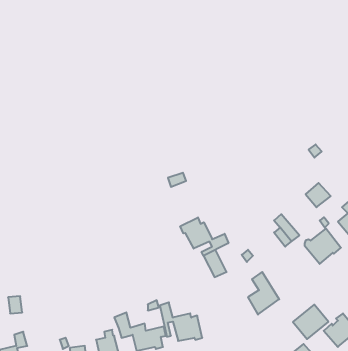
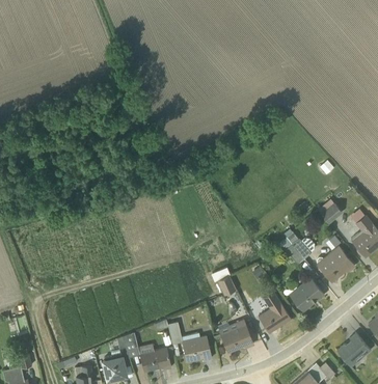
building: [180,217,228,256] -> none
building: none -> [219,320,253,352]
building: [293,305,328,339] -> [288,277,324,312]

